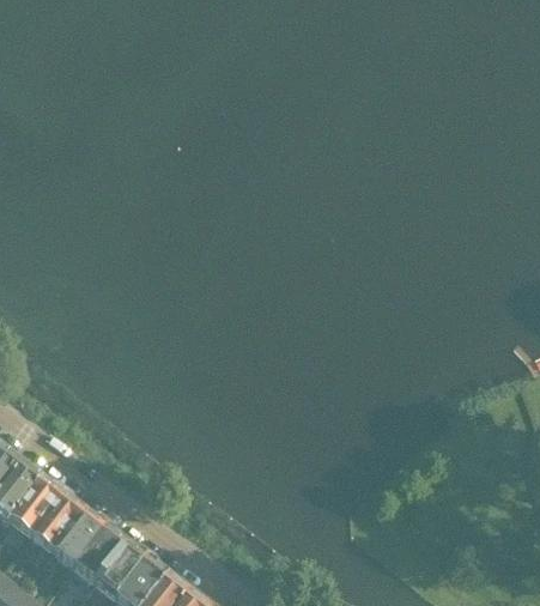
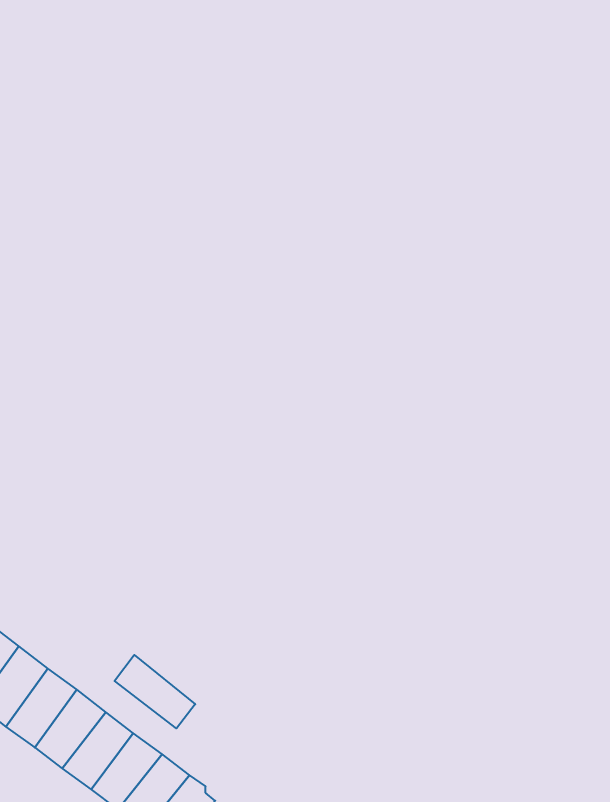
building: none -> [115,655,195,728]

